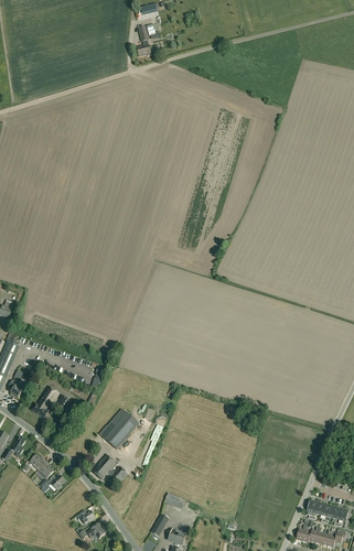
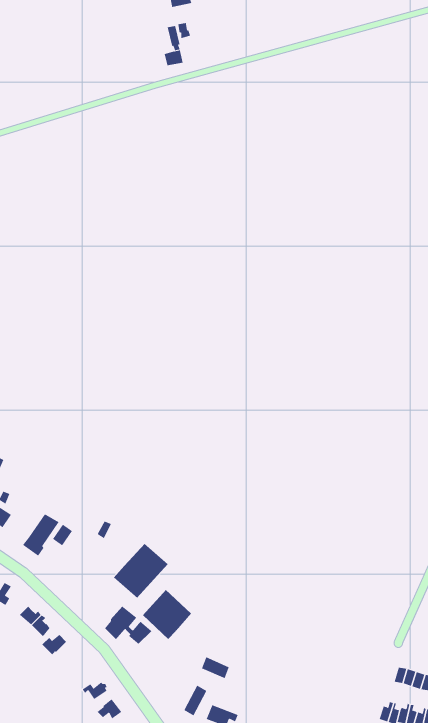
building: none -> [142,589,192,640]

